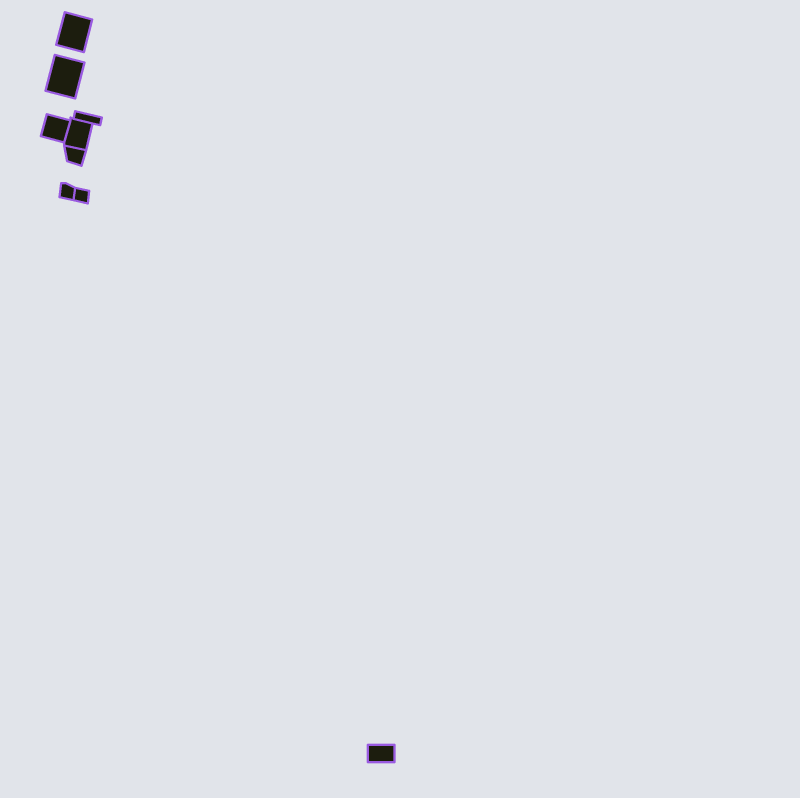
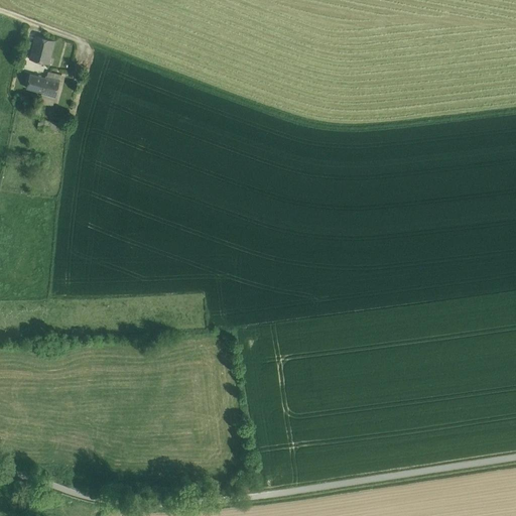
building: [56,12,92,52] -> none

